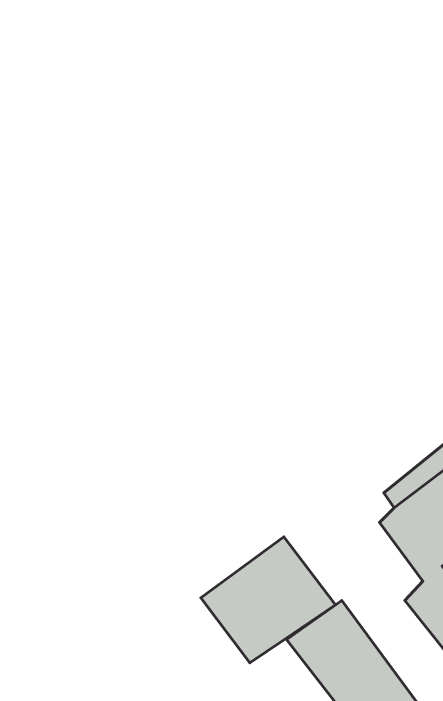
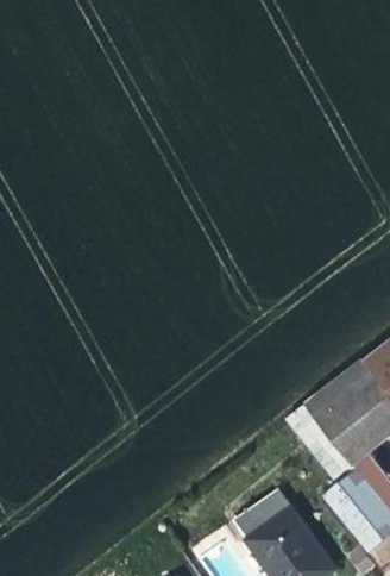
building: [201,537,336,663] -> none

